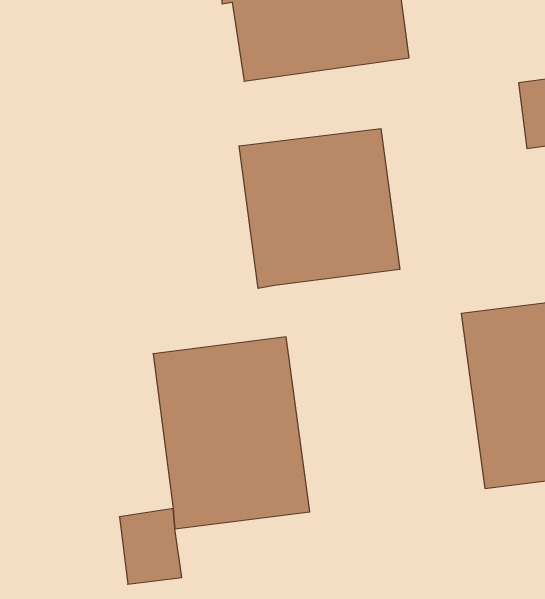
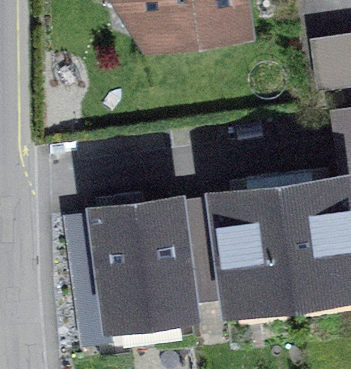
building: [239,129,400,288] -> none
building: none -> [215,188,293,301]

